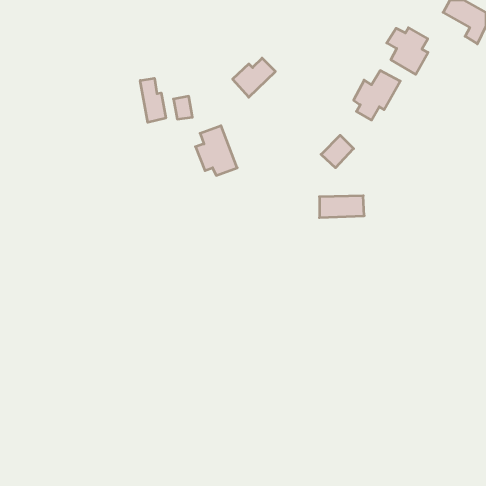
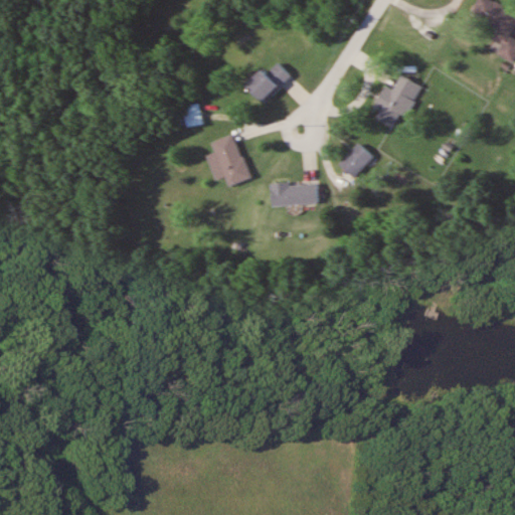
building: [387,28,428,74] -> none
building: [140,78,166,122] -> none
building: [319,196,364,218] -> [272,183,319,206]

